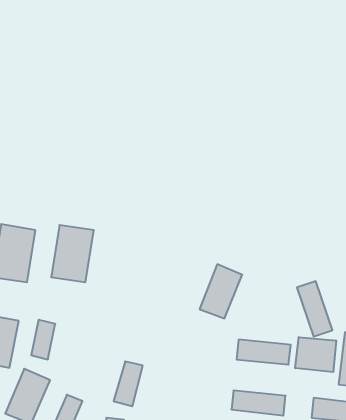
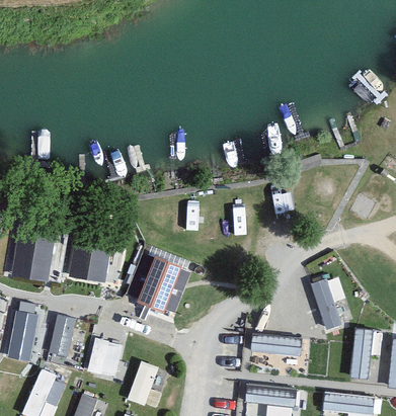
building: [200,264,242,318] -> [139,257,180,310]
building: [295,337,336,372] -> none
building: none -> [88,337,126,375]

